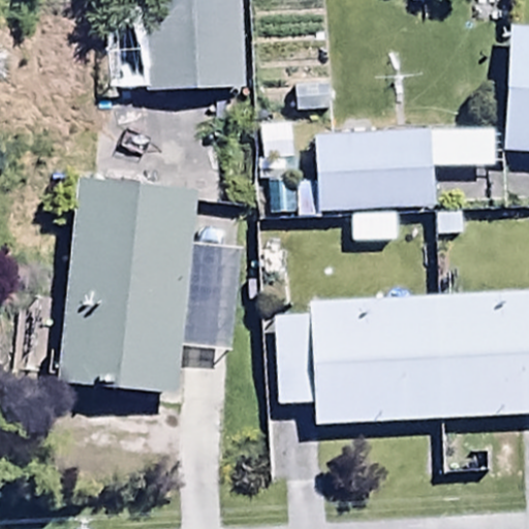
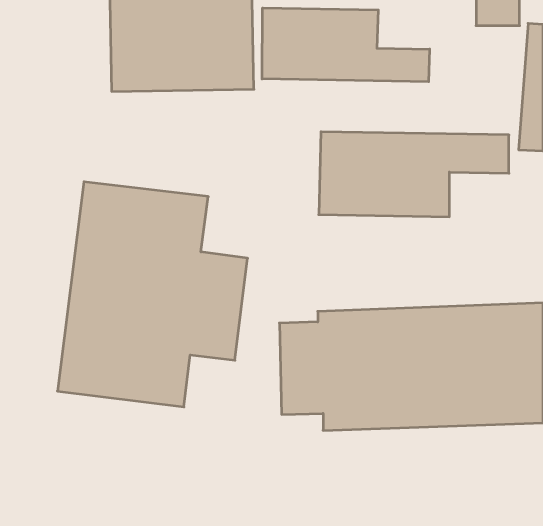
building: none -> [262,8,430,82]

